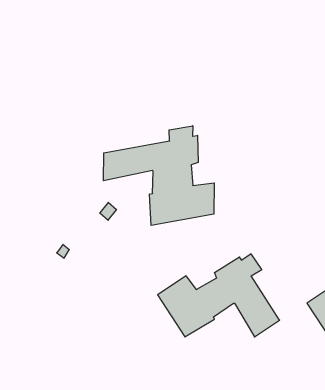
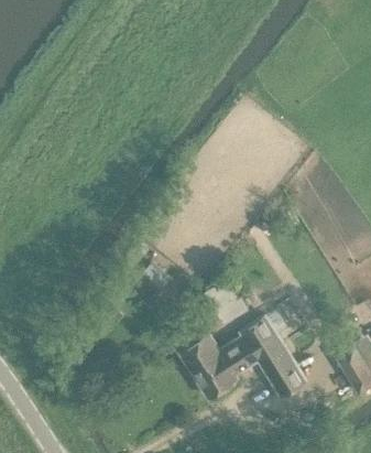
building: [103,126,214,225] -> none

